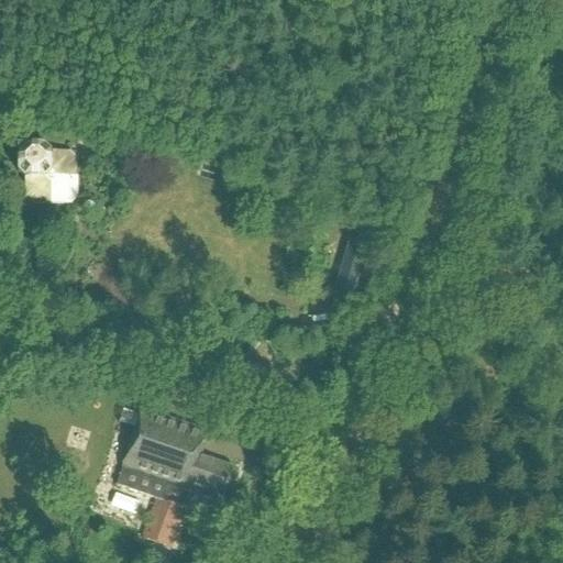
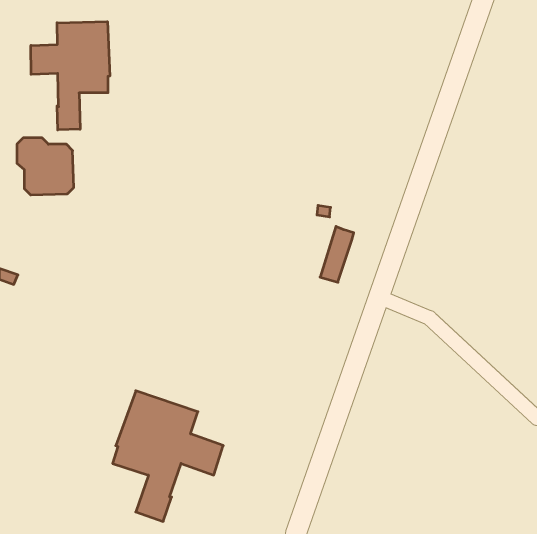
building: none -> [31,22,110,130]

